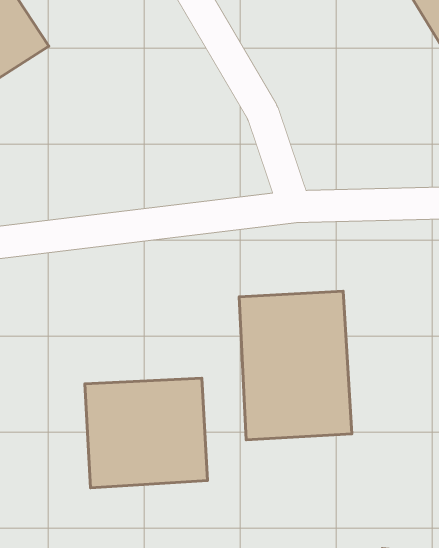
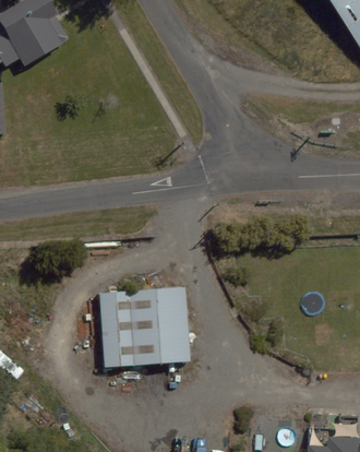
building: [239,291,352,440] -> none

